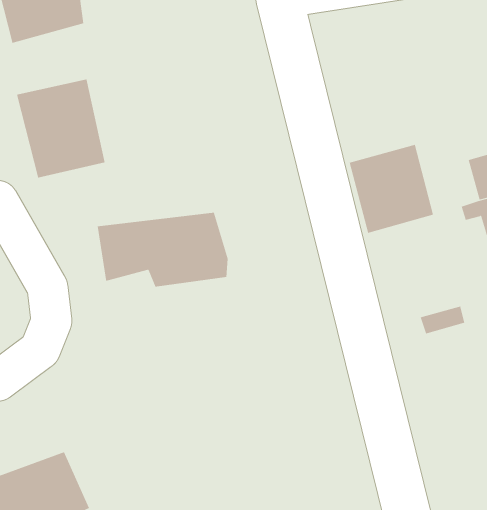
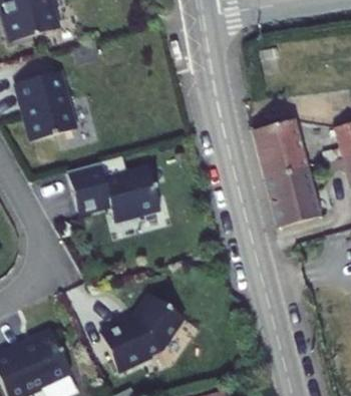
building: none -> [263,167,323,230]
building: none -> [99,293,182,371]

